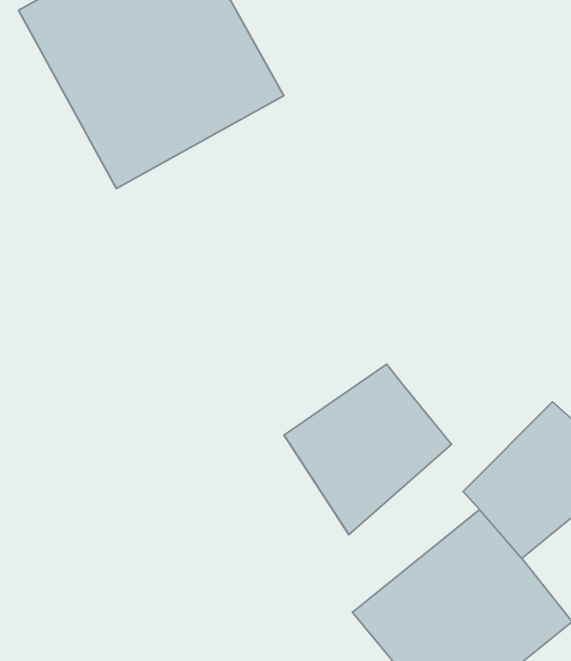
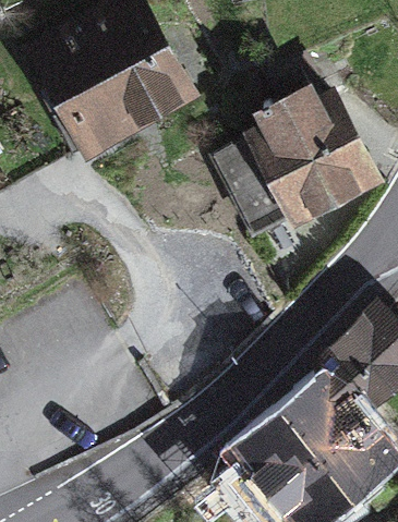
building: none -> [241,90,381,233]
building: [284,364,452,535] -> none

